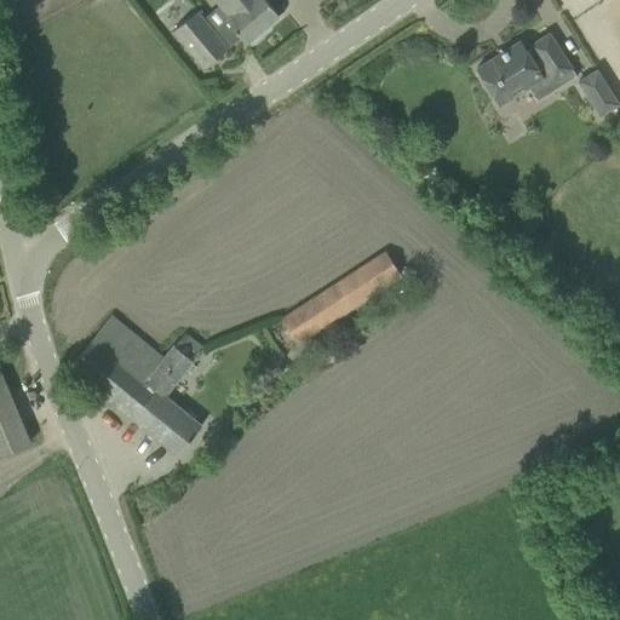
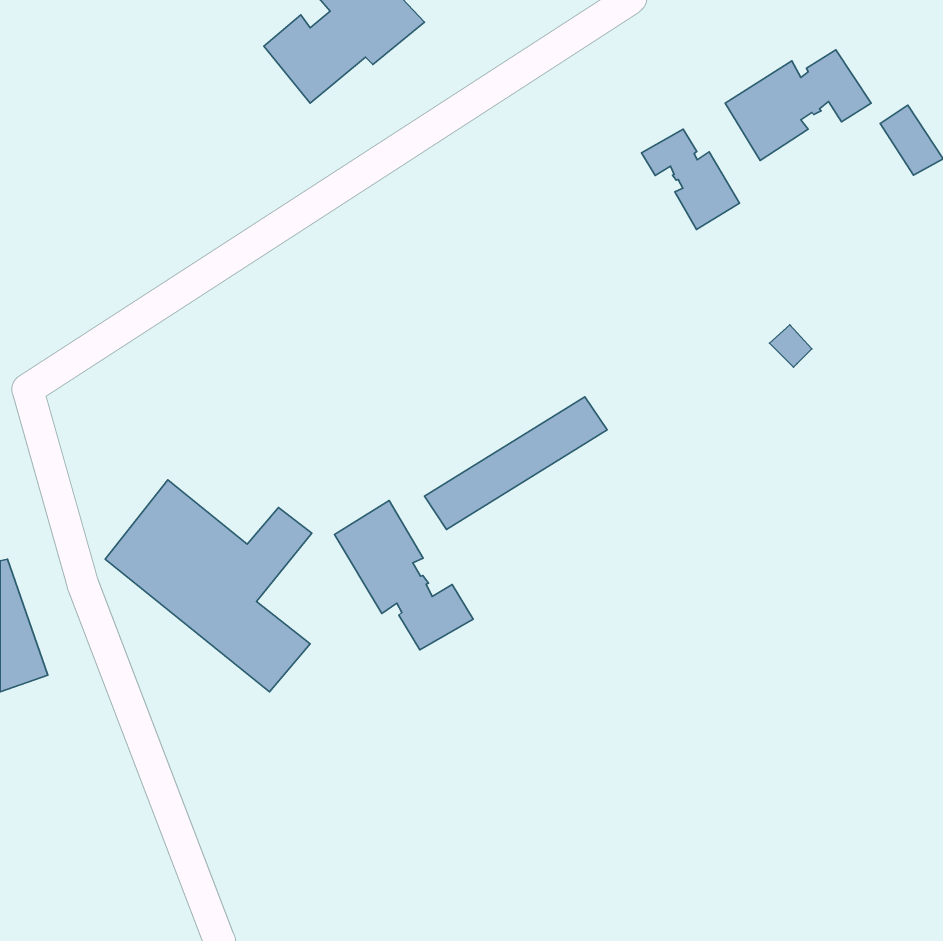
building: none -> [641,129,739,229]
building: none -> [335,501,473,650]

